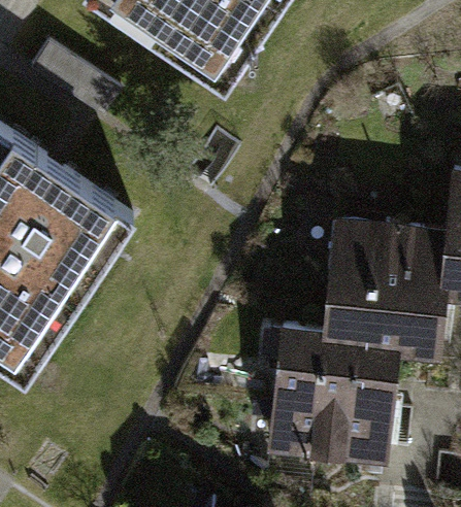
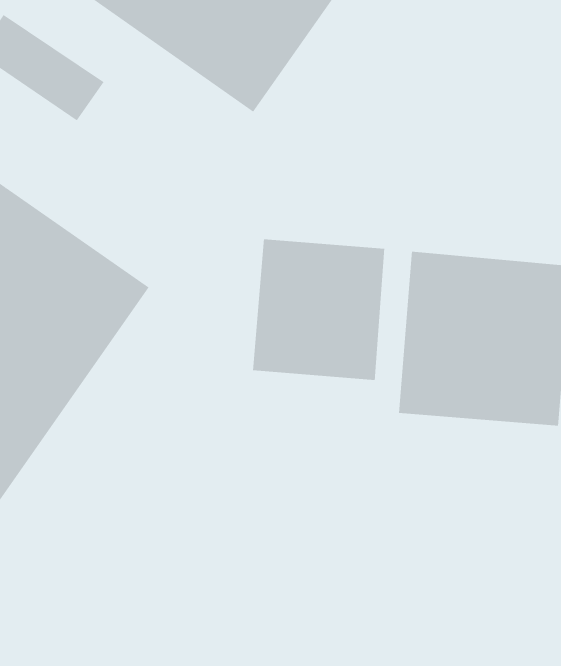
building: none -> [253,238,385,381]
building: [271,311,395,435] -> none

